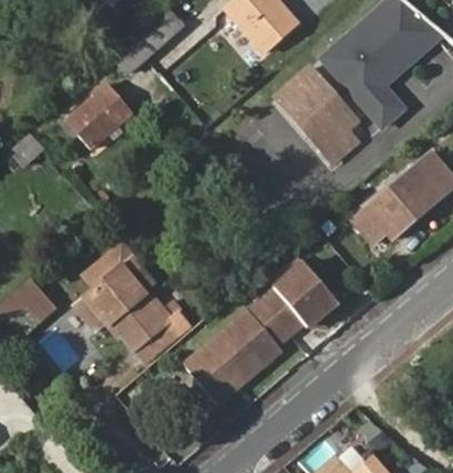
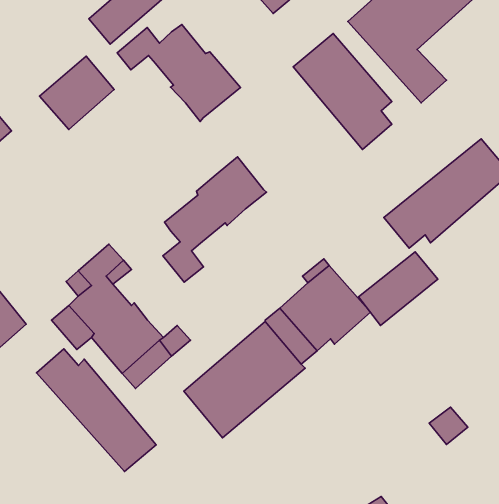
building: none -> [117,24,241,121]
building: none -> [163,157,266,282]
building: none -> [358,252,438,326]
building: none -> [36,349,156,472]

